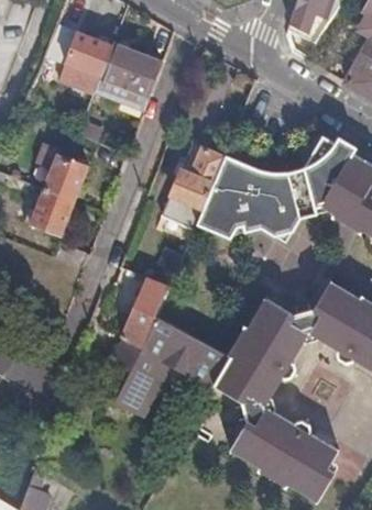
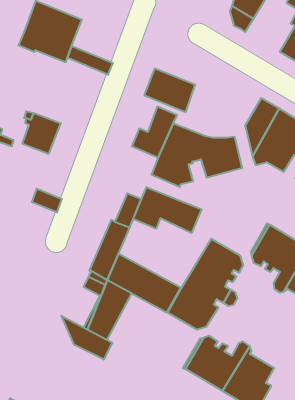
building: [100,45,160,96] -> [144,69,195,112]
building: [24,189,74,236] -> none
building: none -> [133,187,202,233]
building: none -> [61,316,112,360]

